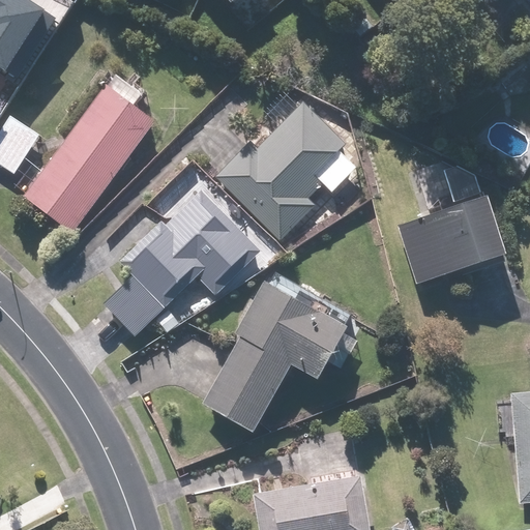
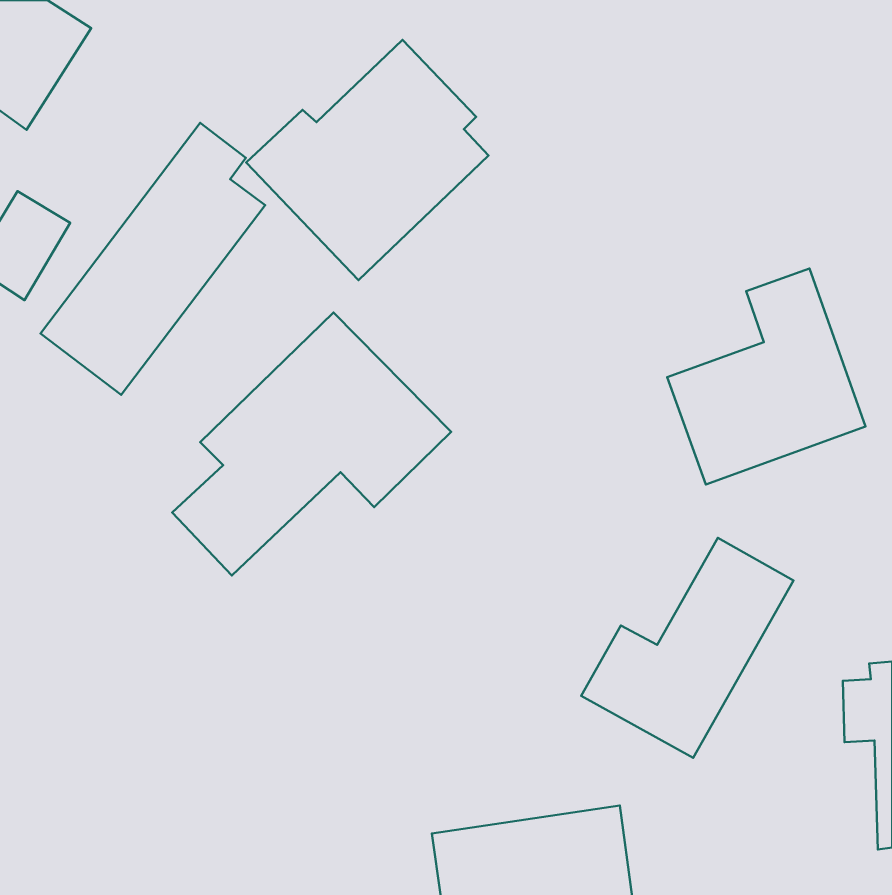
building: [213,101,356,243] -> [246,40,489,280]
building: [202,271,353,432] -> none
building: none -> [581,538,793,758]

